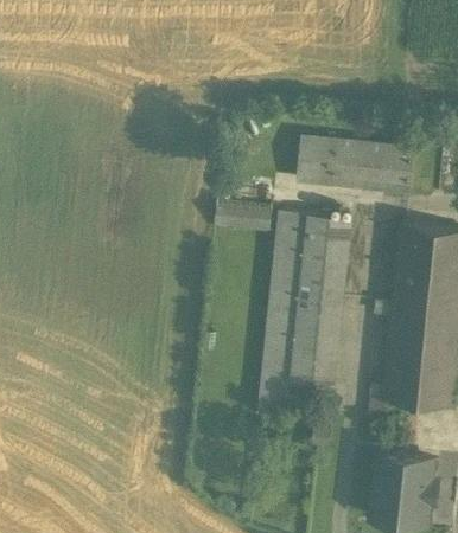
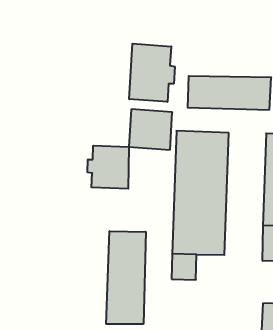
building: none -> [129,44,175,102]
building: none -> [88,146,129,189]
building: none -> [106,231,146,324]

